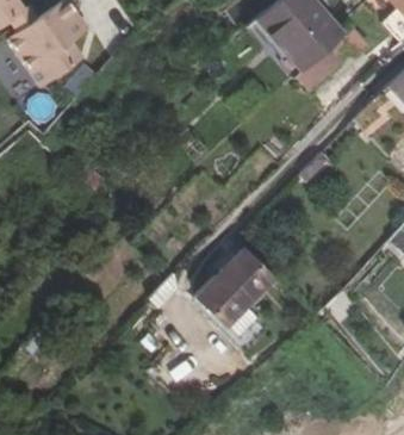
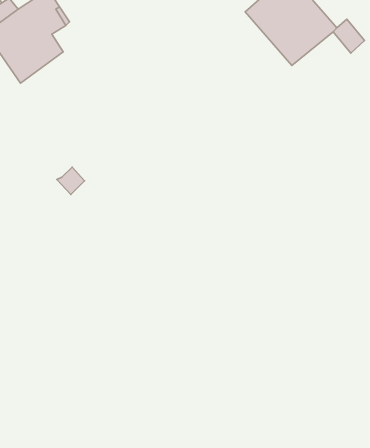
building: [195,249,272,355] -> none

